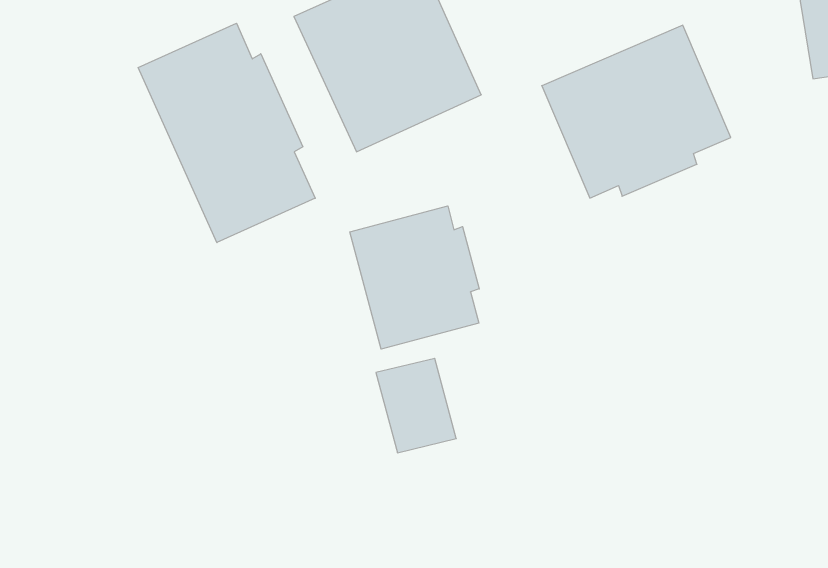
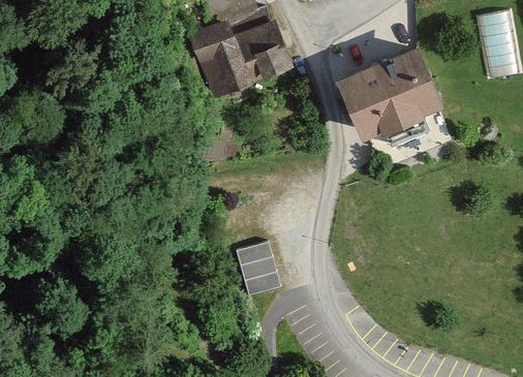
building: [138,23,315,243] -> none
building: [350,206,479,349] -> none

